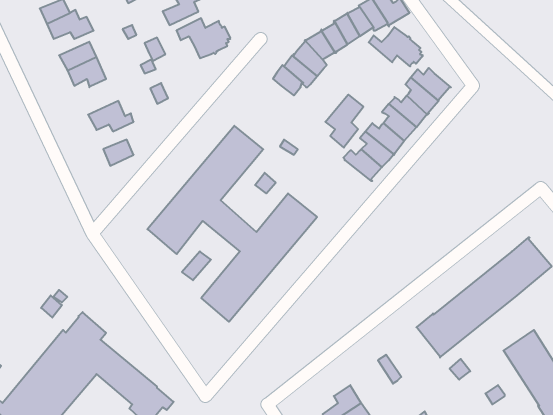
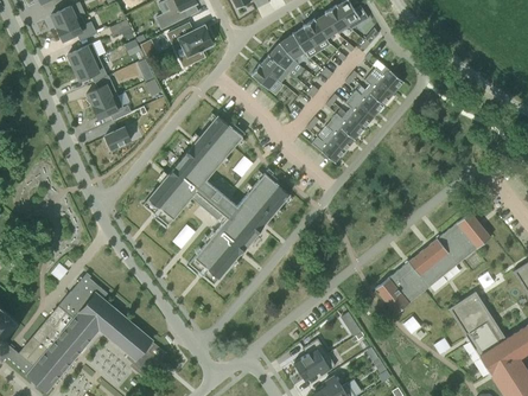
building: [369,27,423,66] -> none
building: none -> [87,76,117,107]
building: [325,95,363,148] -> none

